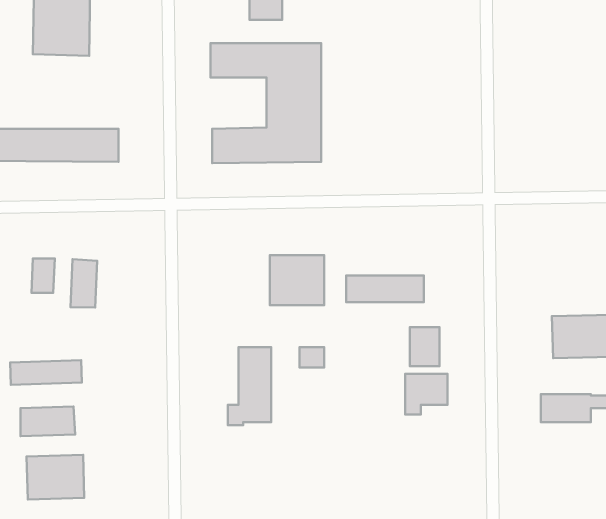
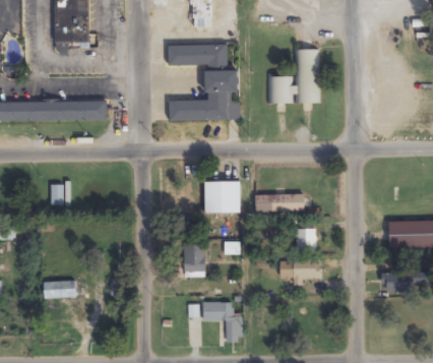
building: none -> [268,49,319,104]
building: [70,259,97,307] -> none
building: [10,360,82,385] -> none
building: none -> [203,302,242,343]
building: [27,455,84,500] -> none

